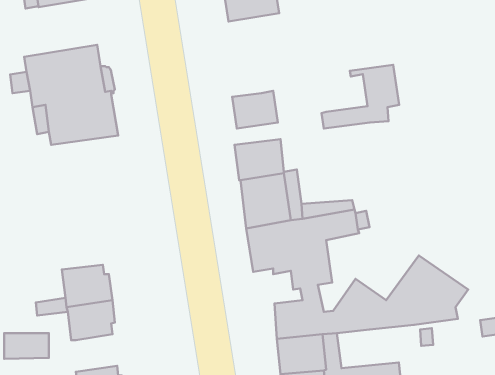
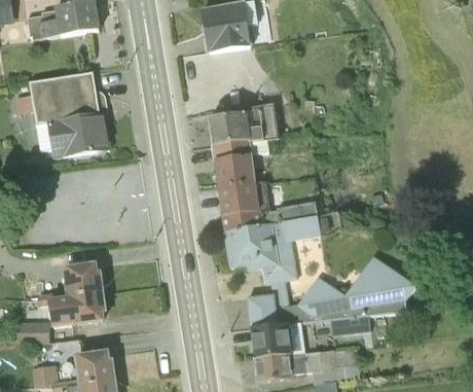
building: [322,65,399,128] -> [210,103,278,158]
building: none -> [330,316,370,336]

